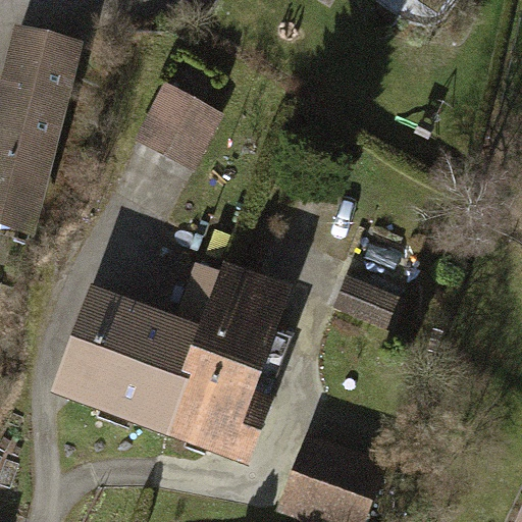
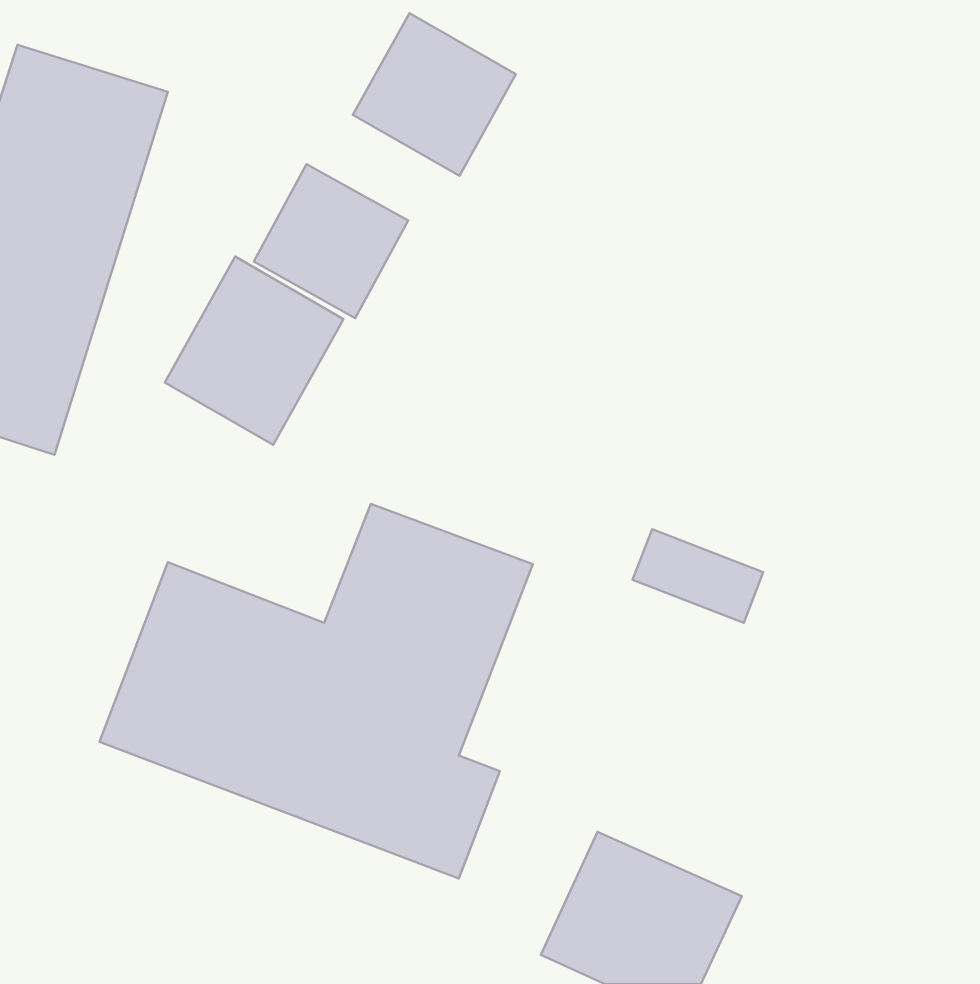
building: none -> [353,13,516,176]
building: none -> [165,257,343,445]

